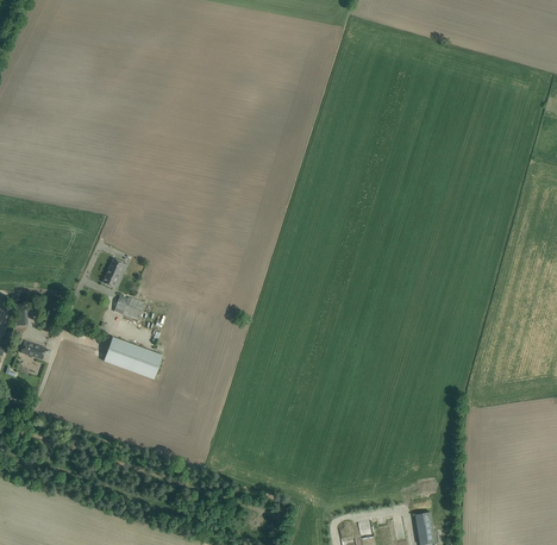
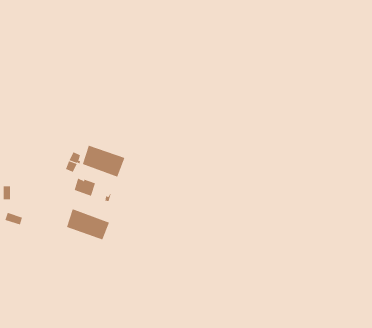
building: none -> [82,145,125,178]

